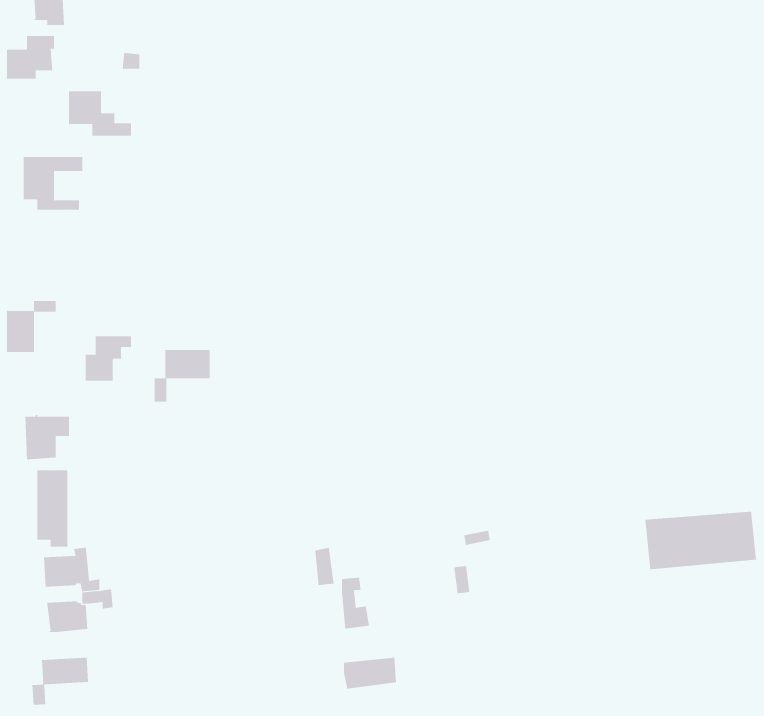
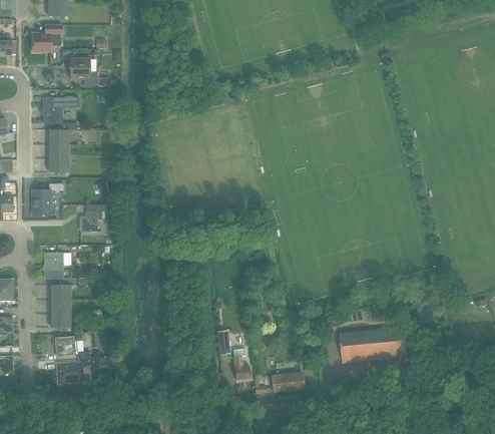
building: none -> [48,129,67,175]
building: [154,349,210,402] -> none
building: [645,511,757,570] -> [340,328,407,363]
building: [32,657,89,706] -> none
building: [343,657,397,689] -> [271,373,303,392]

